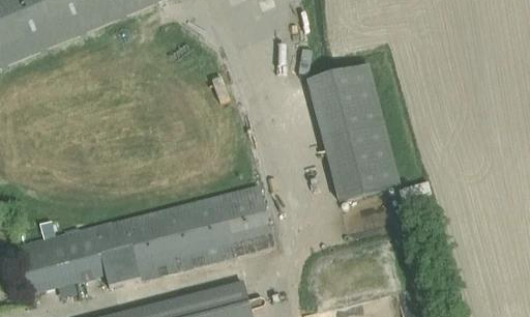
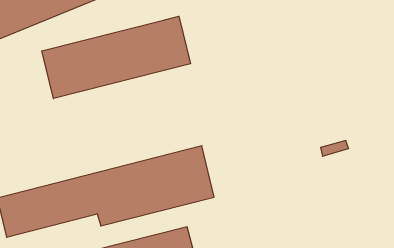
building: none -> [42,16,191,99]
building: [304,62,399,200] -> none

